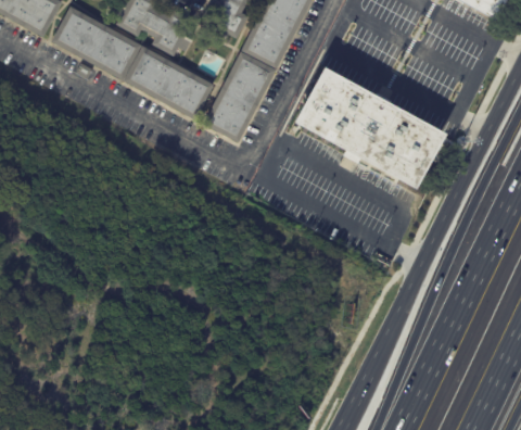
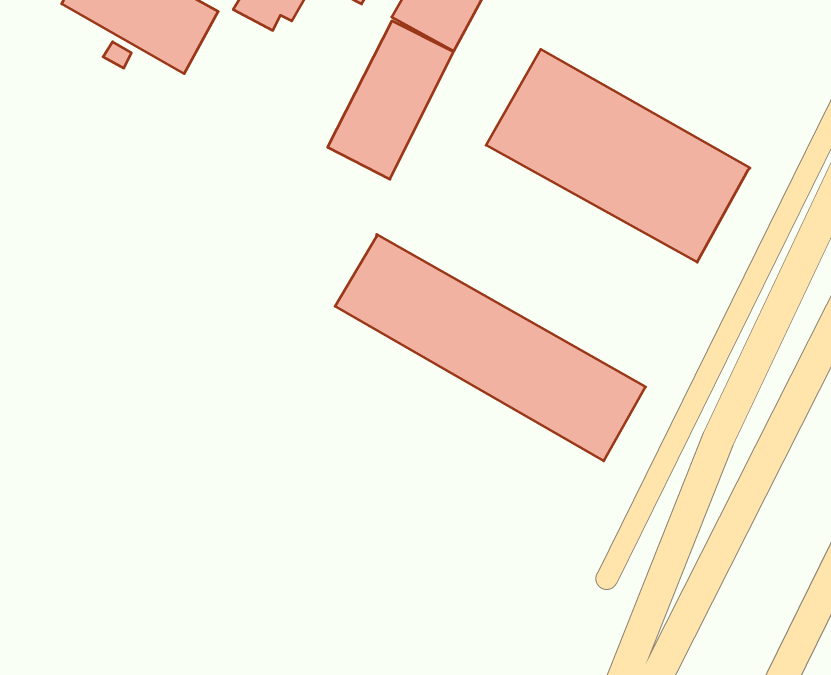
building: [124,45,214,118] -> none
building: none -> [335,234,646,461]

